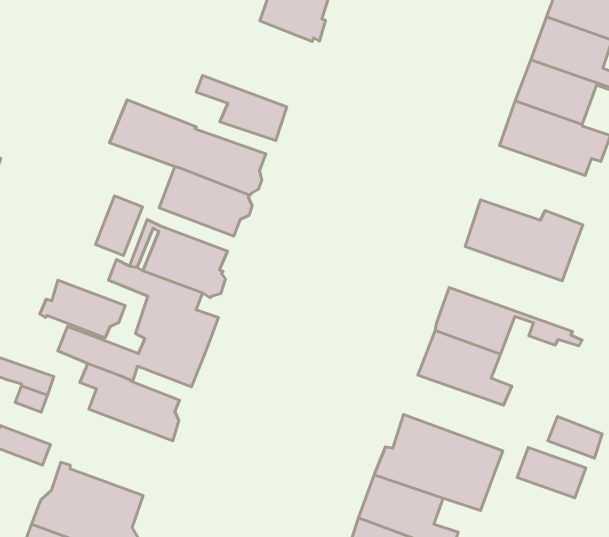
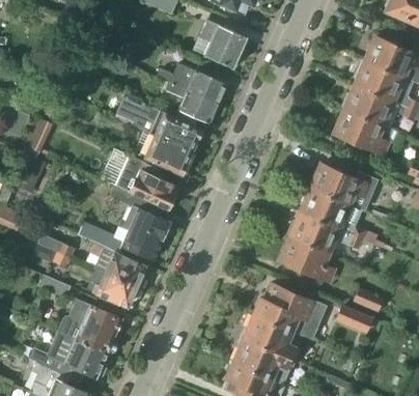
building: none -> [158,63,225,104]
building: none -> [302,189,374,241]
building: [40,280,125,338] -> [91,273,140,307]

